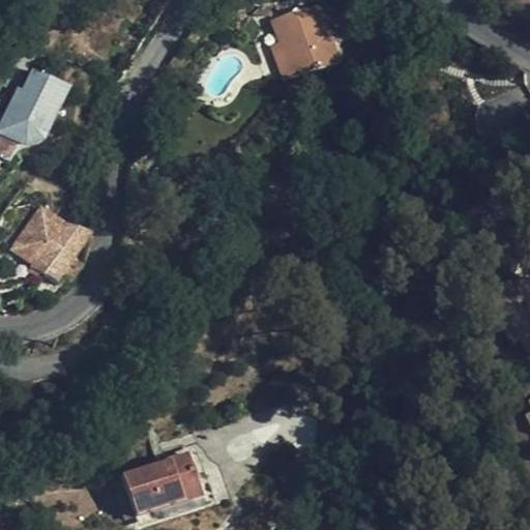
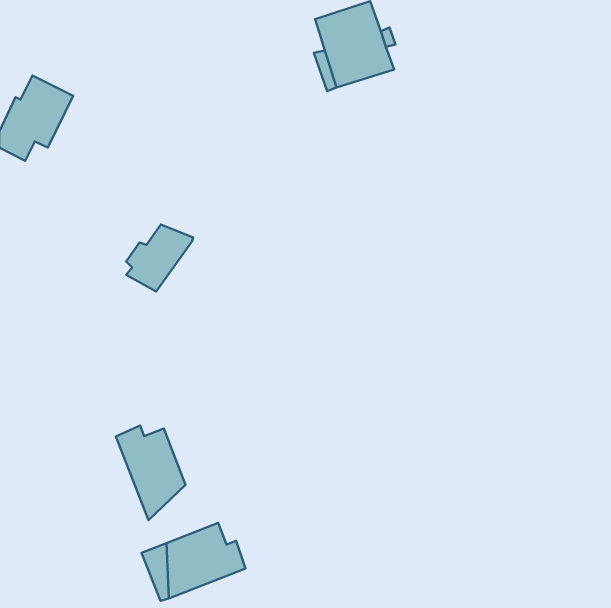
building: [21,220,79,278] -> [126,224,193,292]
building: none -> [116,426,186,520]

